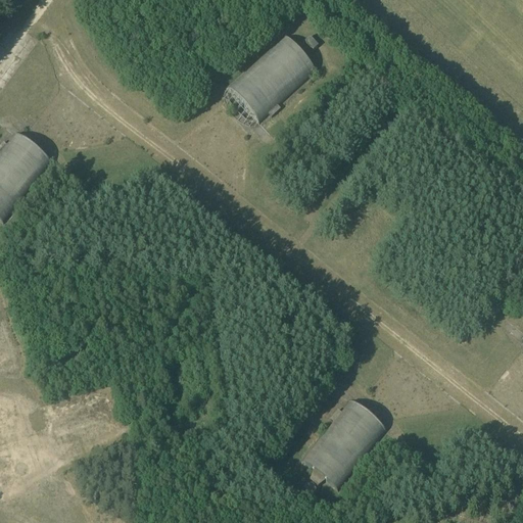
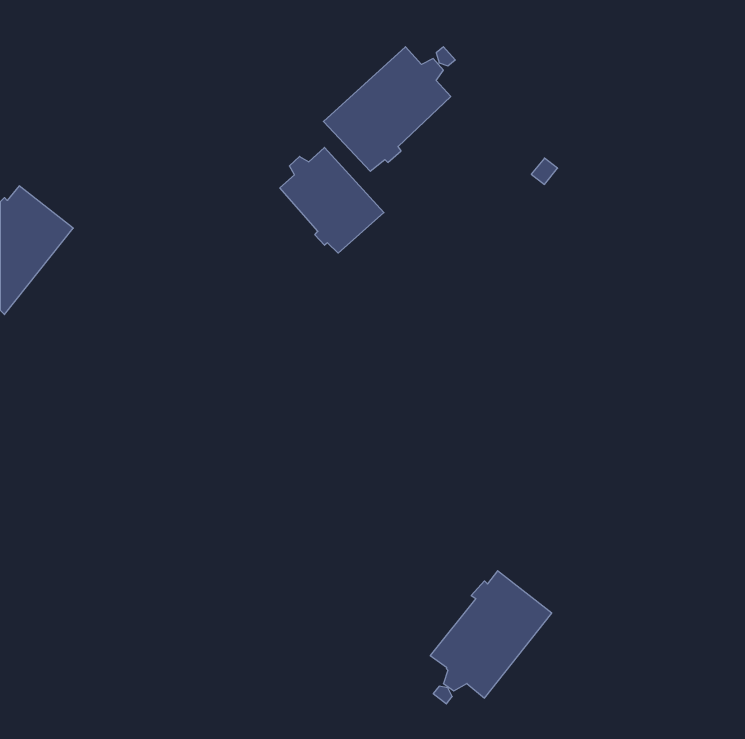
building: none -> [280,147,384,253]

